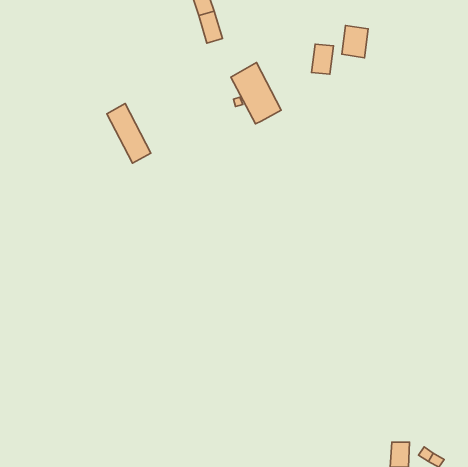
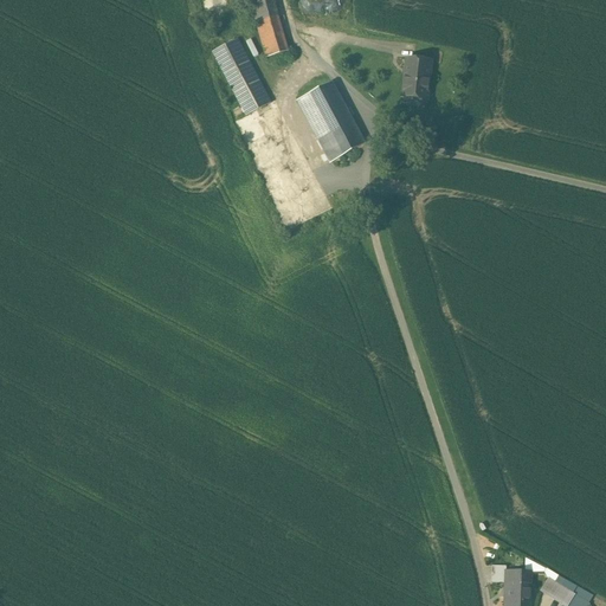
building: [342,25,368,58] -> none
building: [107,104,151,163] -> [213,37,270,114]

